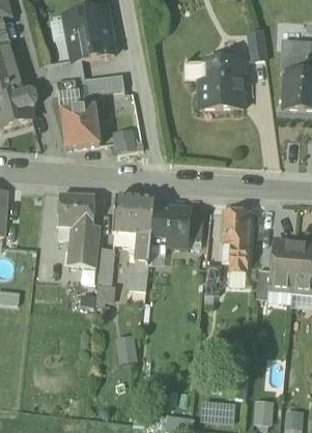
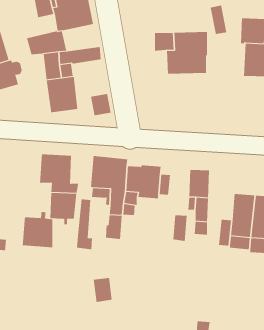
building: none -> [22,211,53,248]

